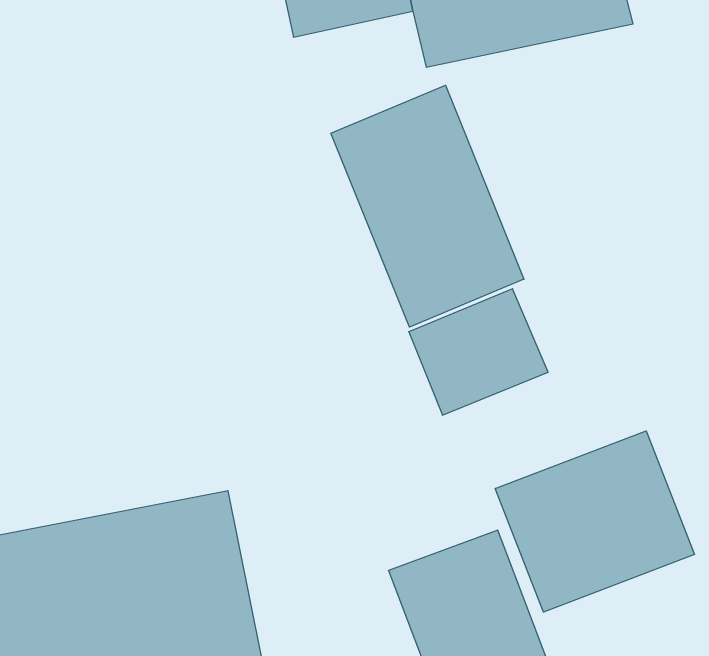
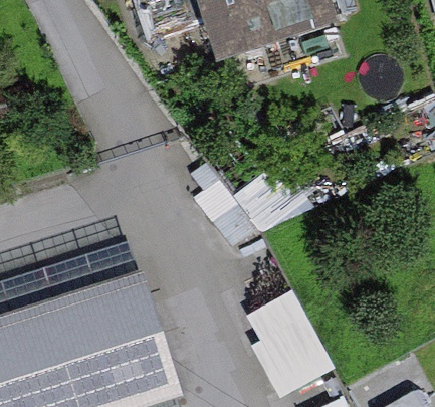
building: [331,85,524,327] -> none
building: [495,431,694,612] -> none

